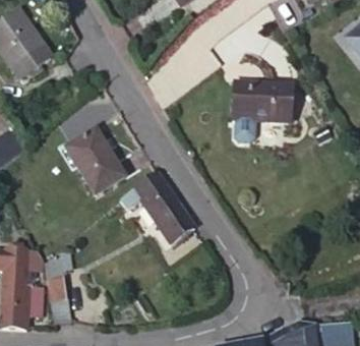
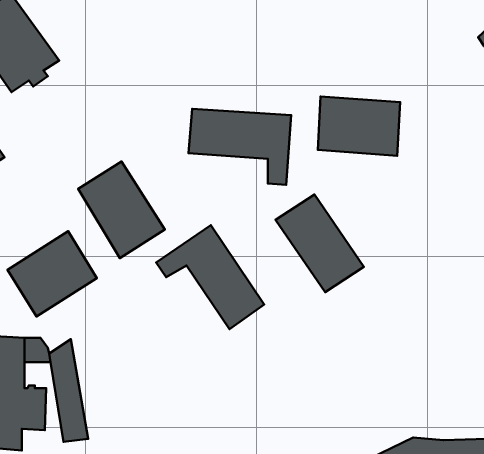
building: none -> [188,109,291,185]
building: none -> [276,194,364,292]
building: none -> [8,231,97,317]

